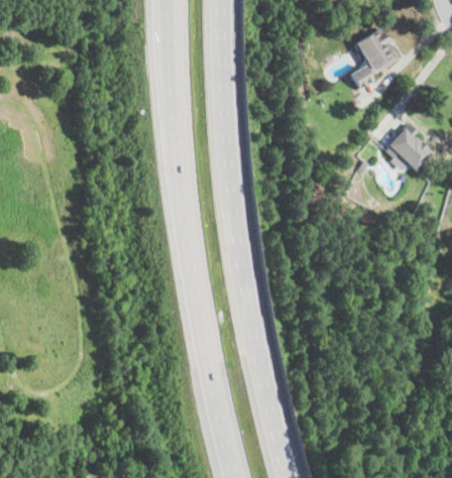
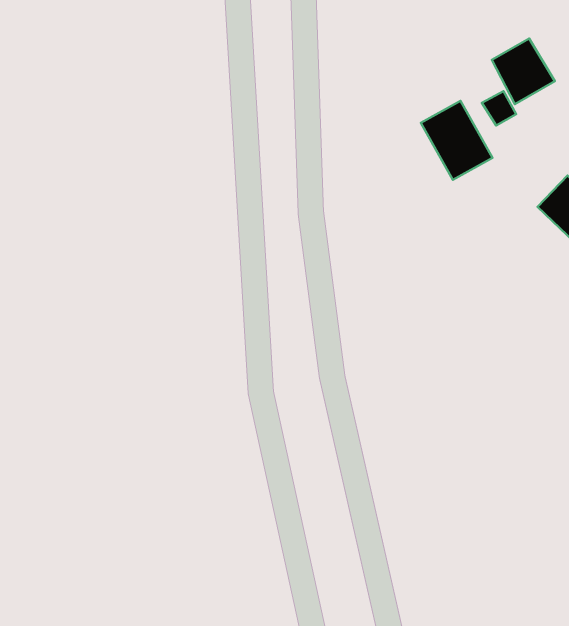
building: none -> [421,101,493,180]

